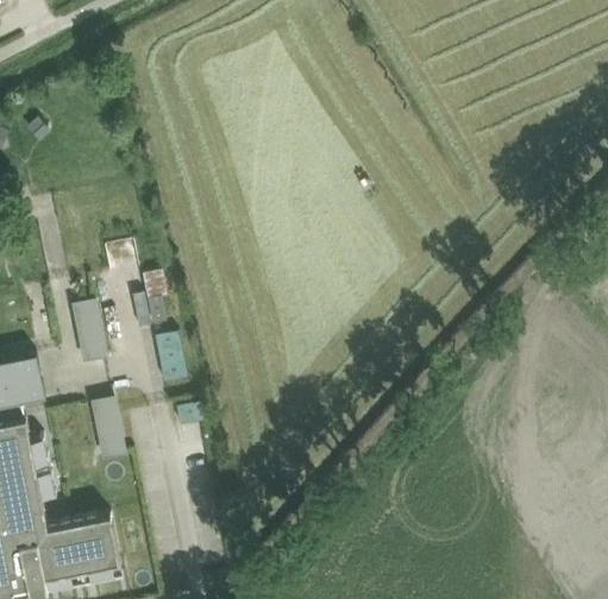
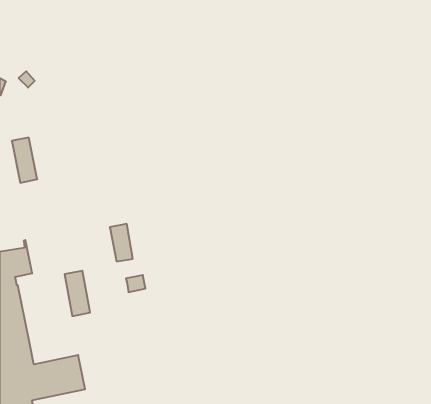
building: [142,270,165,326] -> none
building: [71,300,107,362] -> [12,138,37,183]

